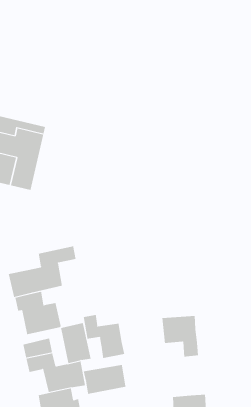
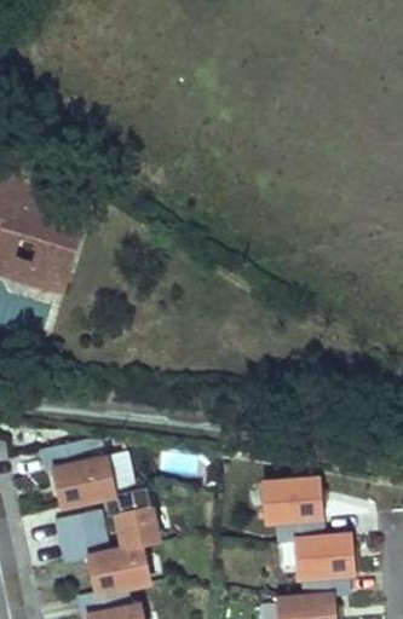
building: [8,245,76,298] -> none
building: [83,314,125,359] -> none
building: none -> [298,536,352,597]
building: [83,364,127,395] -> none

